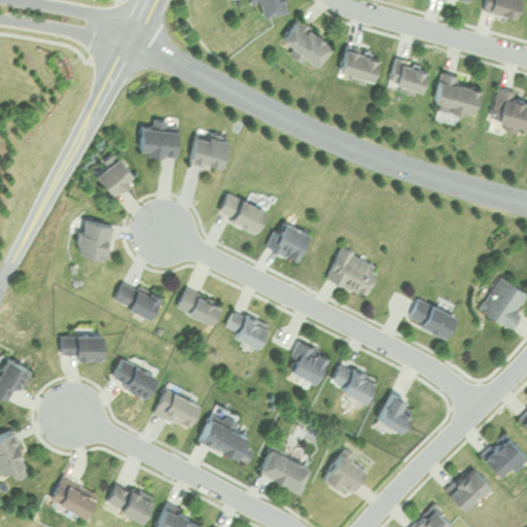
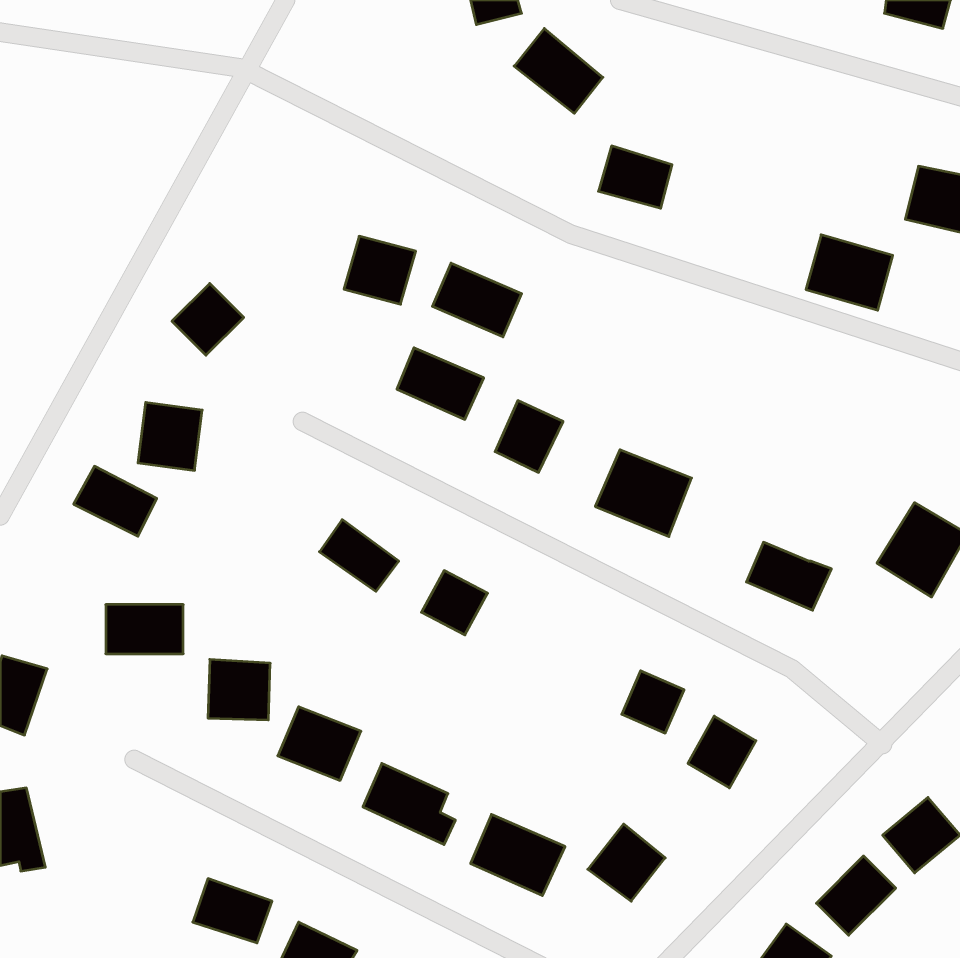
building: [340,47,380,81] -> [598,146,672,208]
building: [394,62,428,95] -> none
building: [433,74,481,115] -> [806,235,893,310]
building: [141,129,178,156] -> none
building: none -> [432,263,522,337]
building: [114,281,160,319] -> [74,466,157,536]
building: [291,346,328,384] -> none
building: [54,476,96,514] -> none

